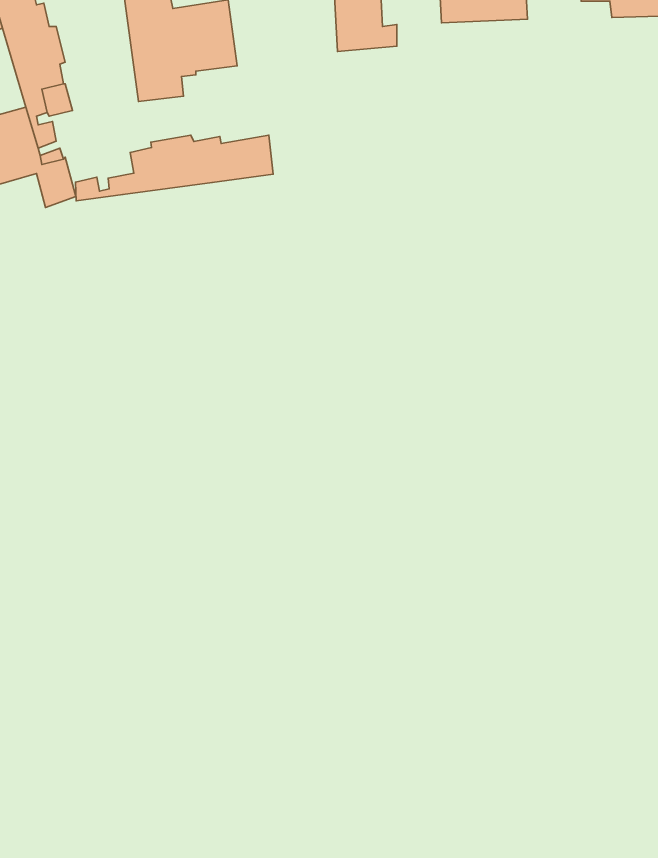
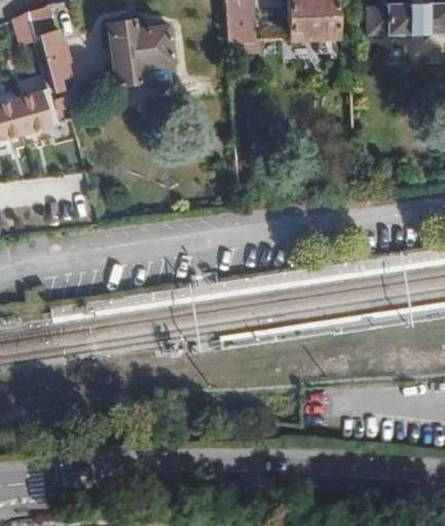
building: [76,135,273,201] -> none

